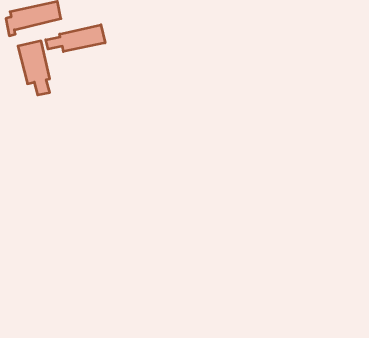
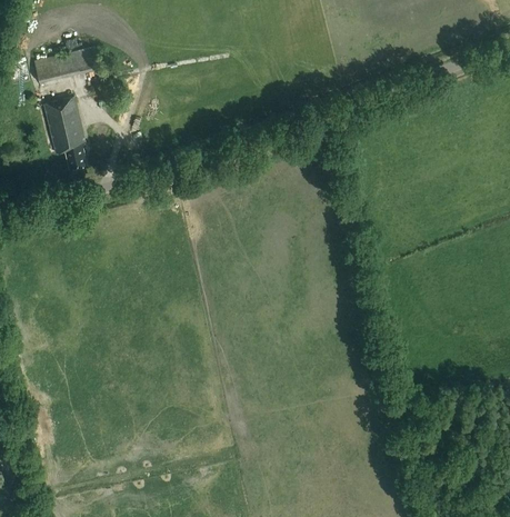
building: [46,25,105,52] -> none

